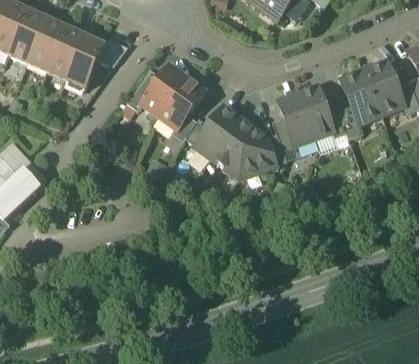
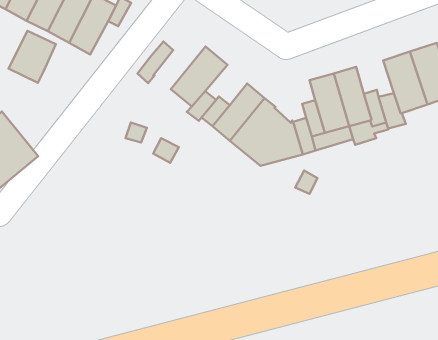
building: [141,65,185,115] -> none
building: none -> [9,31,56,83]

